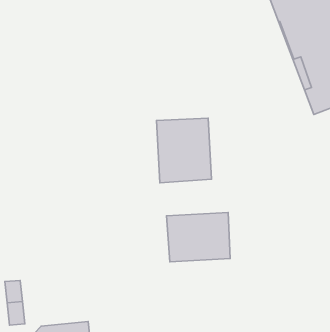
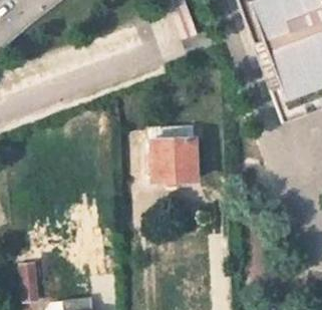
building: [167,212,230,262] -> none

